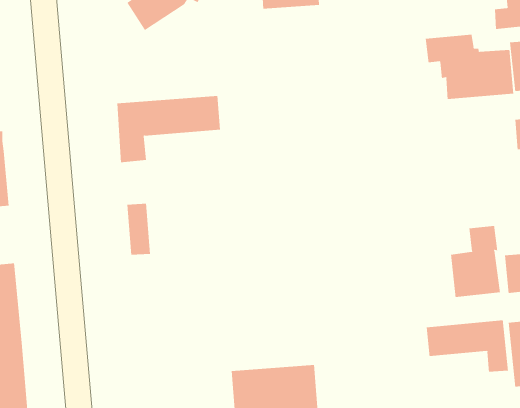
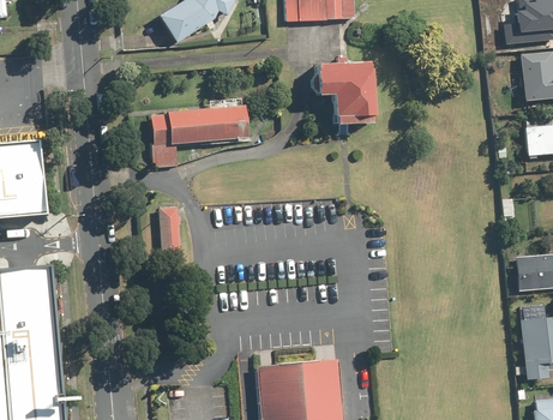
building: [425,34,514,100] -> none
building: none -> [315,62,371,125]
building: [450,225,501,298] -> none
building: [426,319,509,373] -> none

